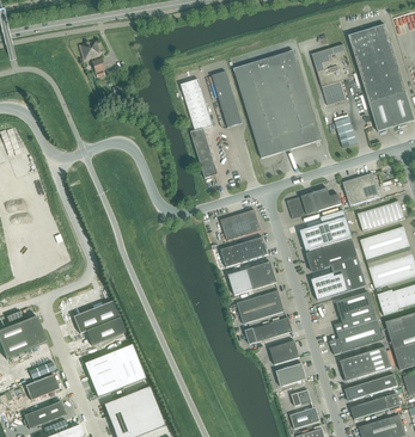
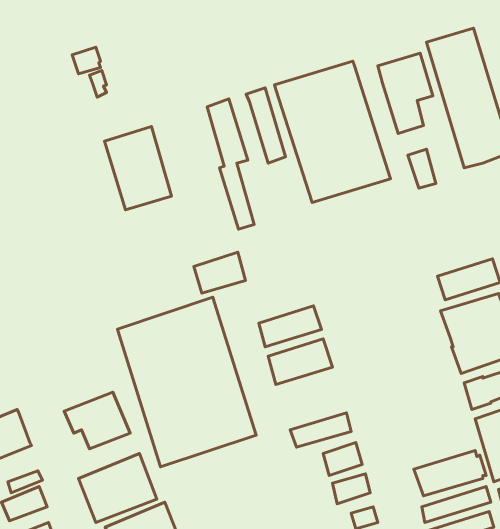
building: none -> [105,127,171,210]
building: [342,172,378,204] -> none
building: [286,187,341,217] -> none
building: [220,208,260,239] -> [194,252,246,293]
building: [299,209,366,298] -> none
building: none -> [117,297,256,467]
building: [236,289,283,322] -> none
building: [329,290,383,353] -> none

